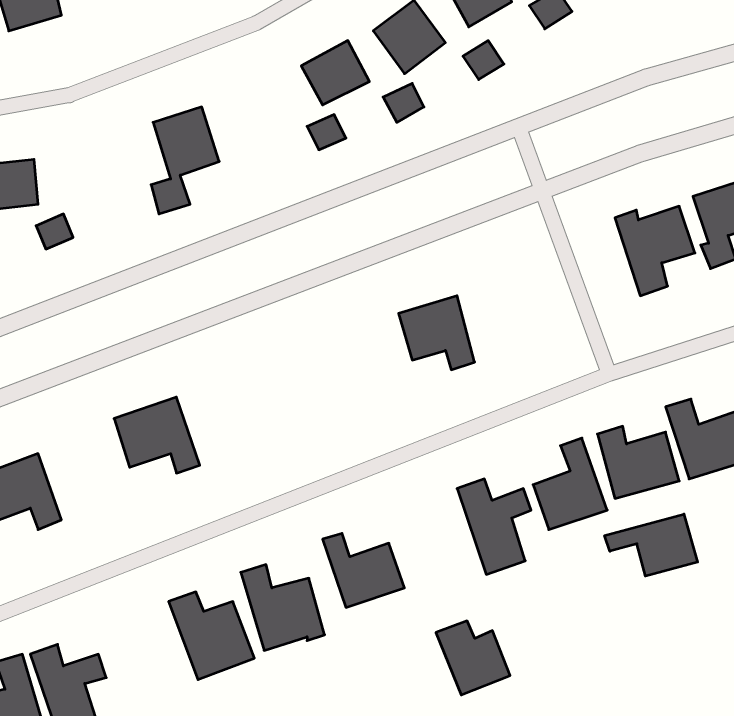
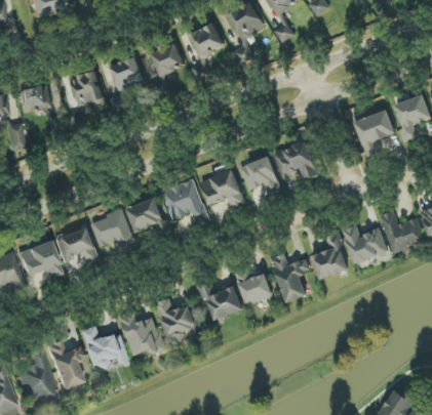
building: none -> [149,42,182,85]
building: none -> [70,71,104,107]
building: none -> [272,139,319,179]
building: none -> [199,169,244,208]
building: none -> [160,177,207,221]
building: none -> [125,197,171,235]
building: none -> [53,225,99,264]
building: [605,514,698,576] -> none
building: none -> [81,325,129,368]
building: [436,621,510,695] -> [234,266,273,305]

